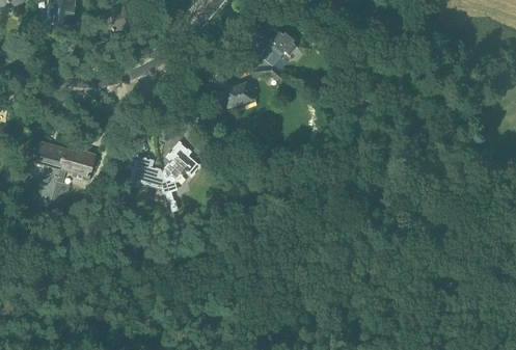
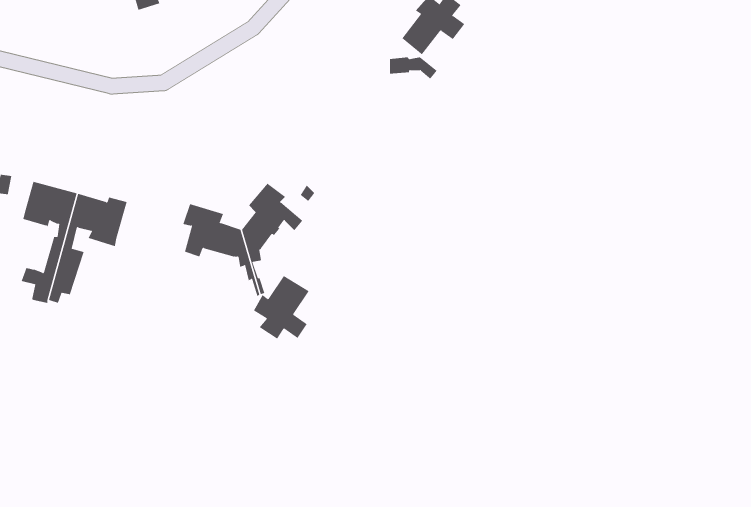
building: [221,82,254,108] -> none
building: none -> [253,275,309,340]

